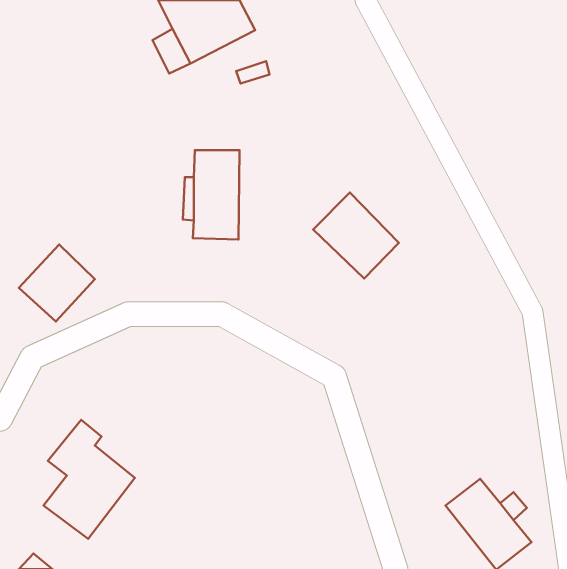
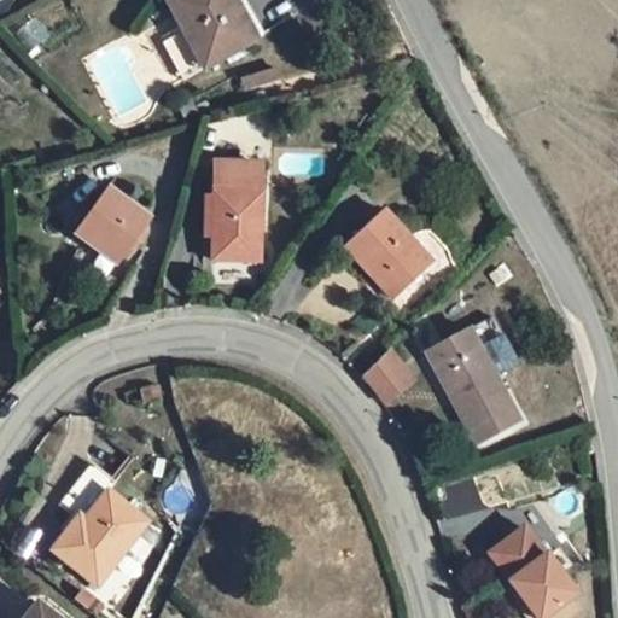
building: [19,245,95,321] -> [81,168,163,251]
building: none -> [421,311,521,442]
building: none -> [362,354,410,408]

